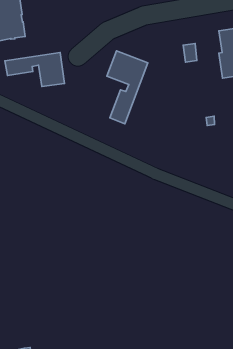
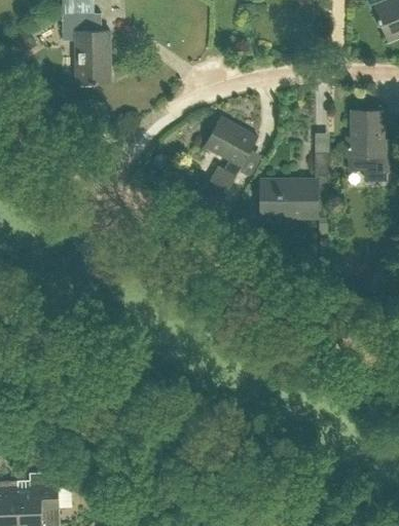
building: [5,53,65,87] -> none
building: none -> [261,153,329,221]

